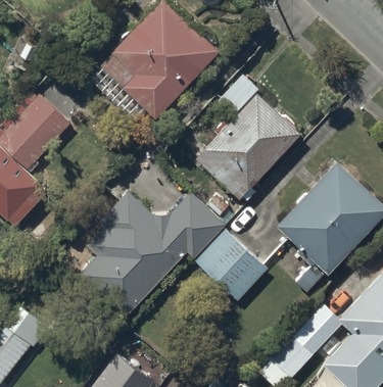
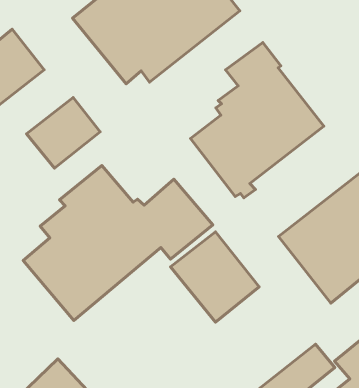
building: none -> [26,98,100,168]

